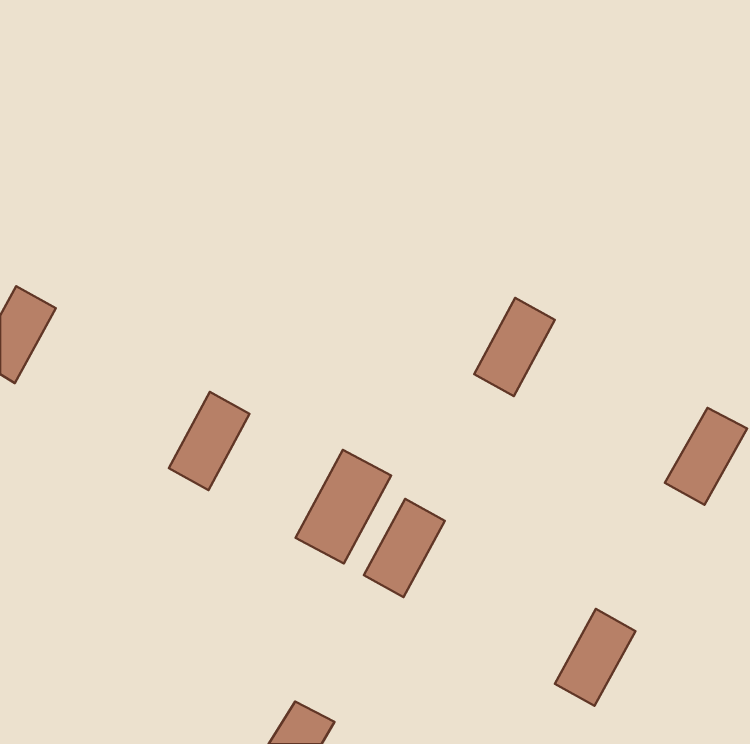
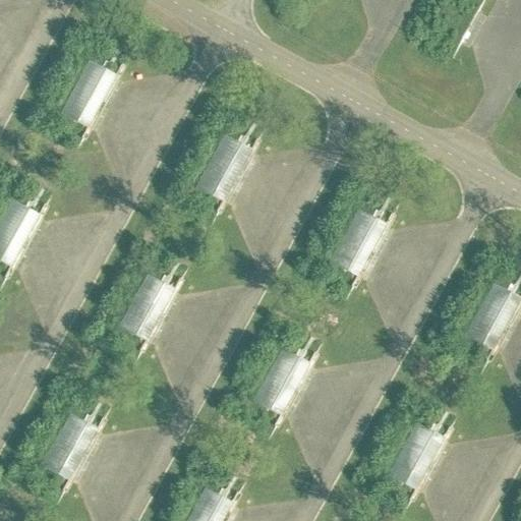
building: none -> [59,59,116,126]
building: none -> [193,132,249,200]
building: [295,450,391,564] -> none
building: none -> [40,411,97,479]

